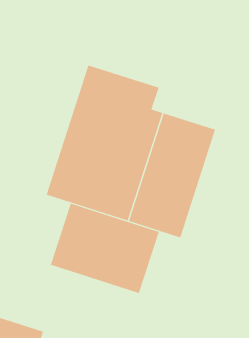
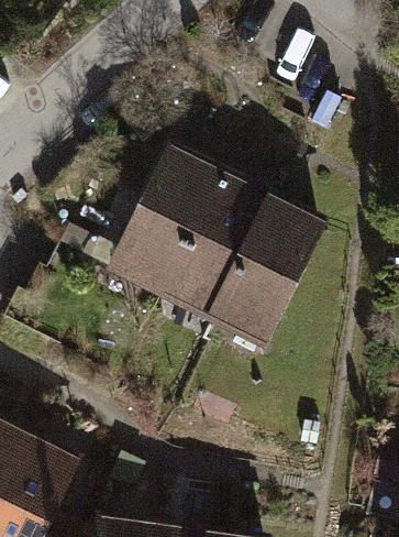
building: [50,203,160,294] -> none

